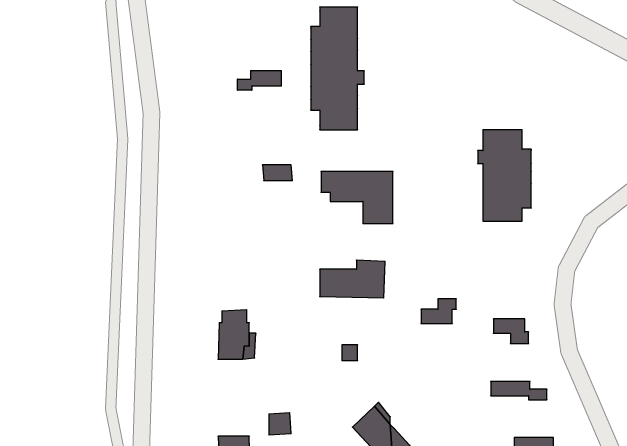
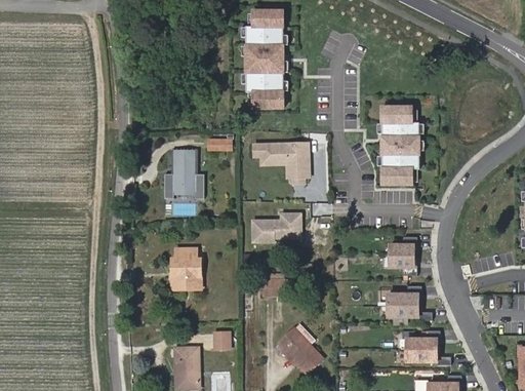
building: [238,71,281,90] -> none
building: none -> [164,151,200,198]
building: [421,299,456,324] -> [389,237,416,257]
building: none -> [387,286,420,306]
building: none -> [405,330,439,350]

